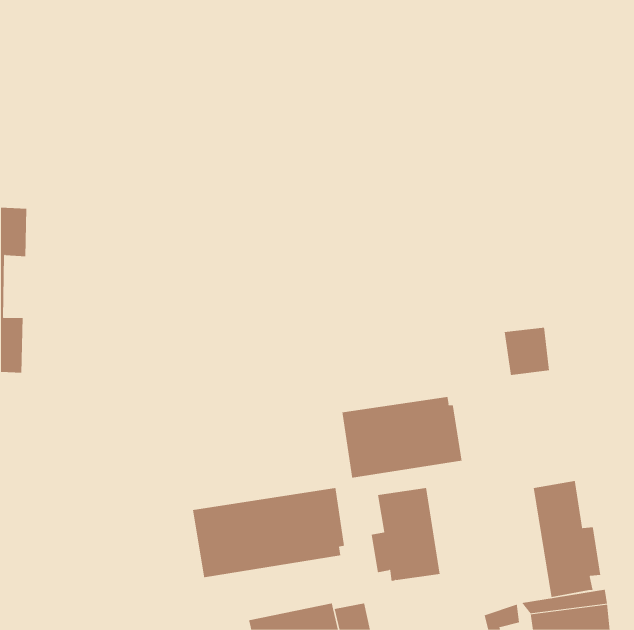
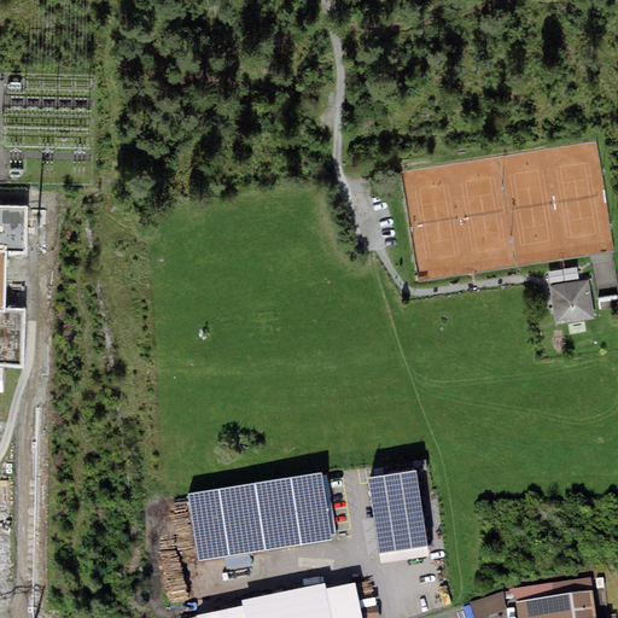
building: [504,327,550,375] -> [548,275,593,322]
building: [342,396,462,478] -> none
building: [533,480,601,598] -> none

